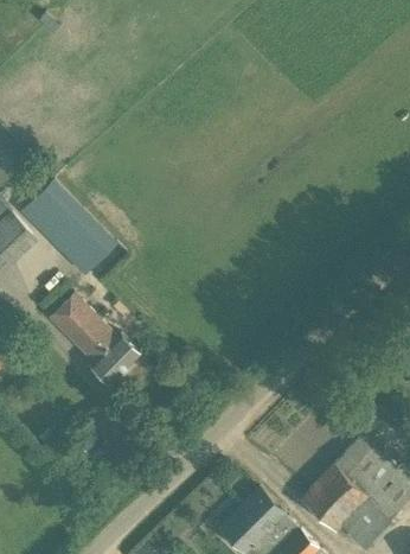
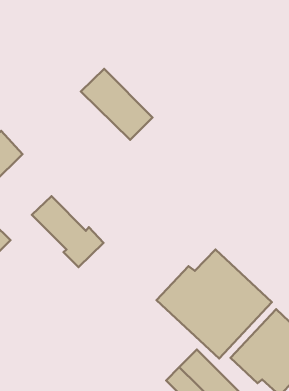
building: [24,180,115,270] -> [81,69,153,140]
building: none -> [157,249,272,359]

